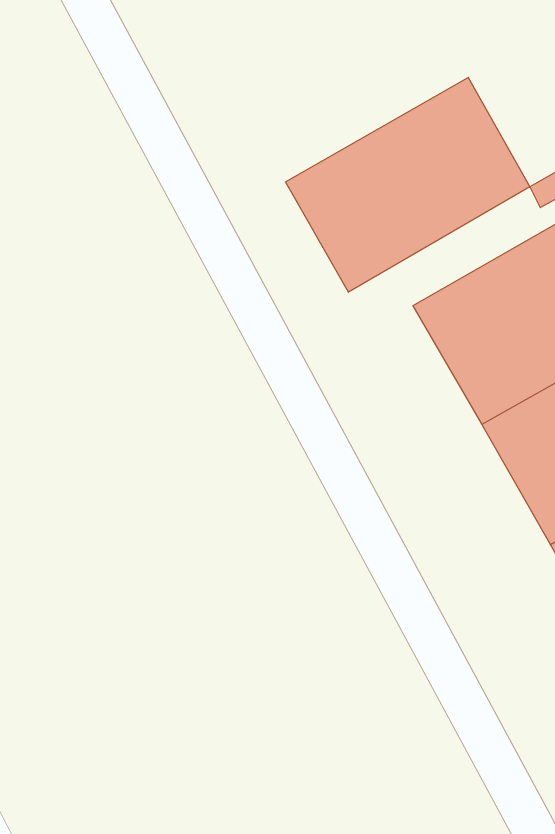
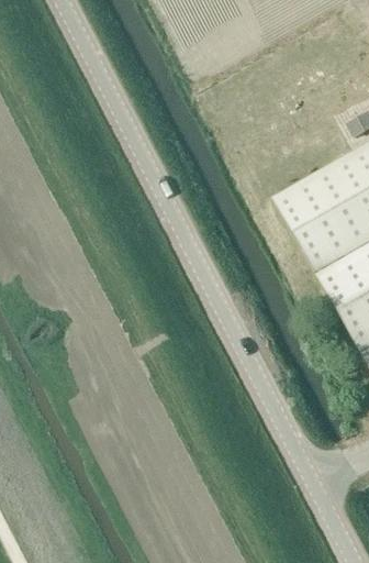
building: [285,77,530,292] -> none

